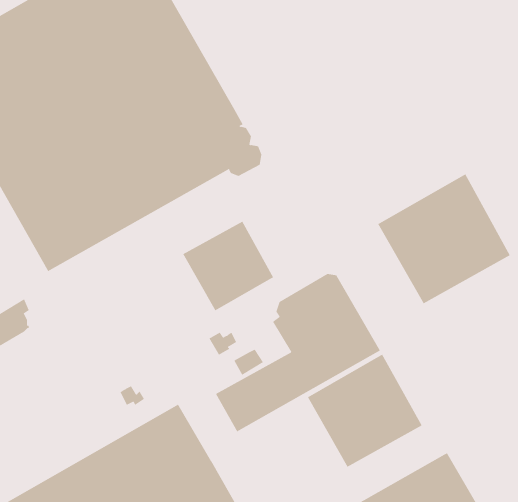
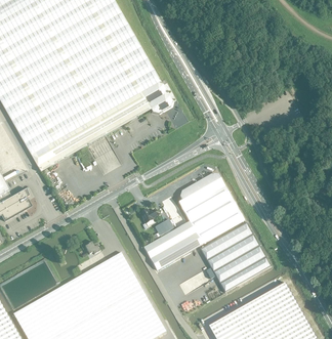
building: [378,174,510,304] -> none
building: [182,221,274,311] -> none

